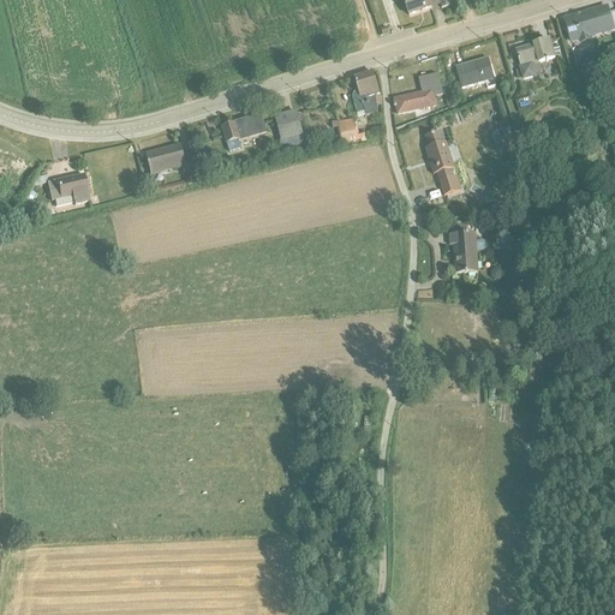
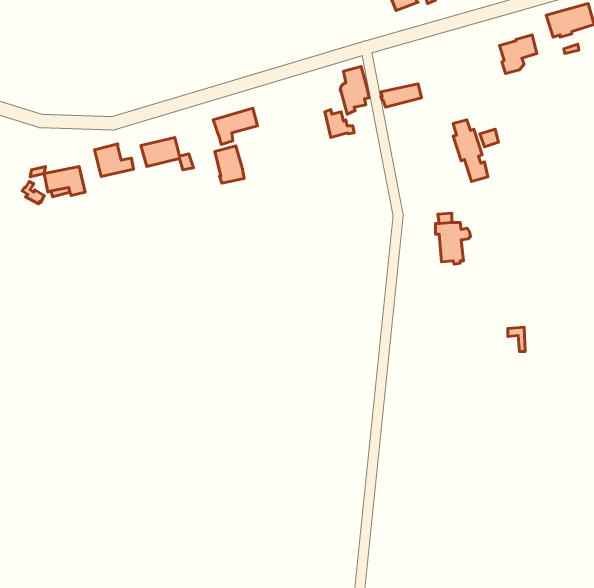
building: [455,55,494,85] -> none
building: [274,107,304,145] -> [215,146,244,183]
building: [424,129,460,192] -> [453,120,488,182]
building: none -> [95,144,133,176]

